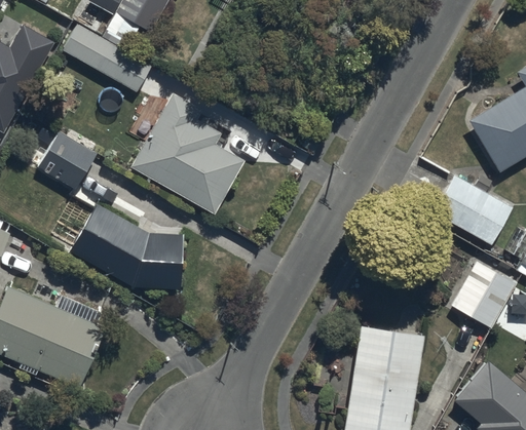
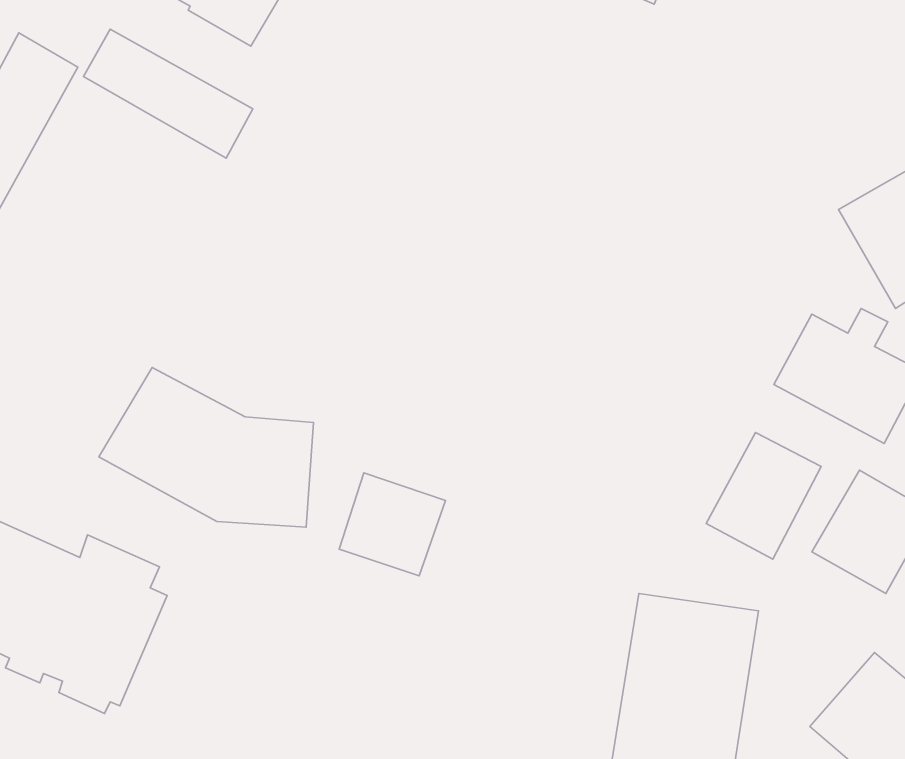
building: [132,93,245,213] -> none
building: [37,130,97,190] -> none
building: none -> [706,432,821,559]
building: none -> [339,473,445,576]

